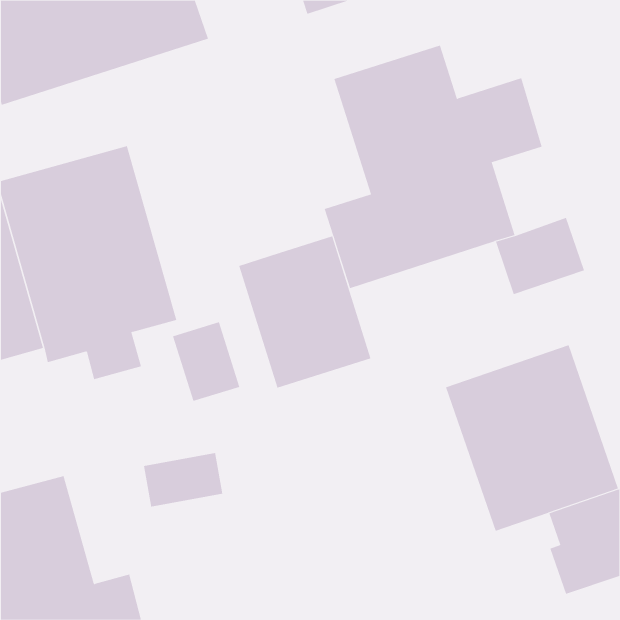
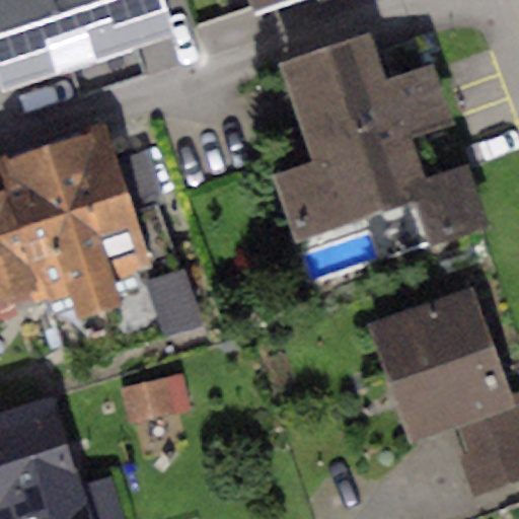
building: [238,236,371,389] -> none

